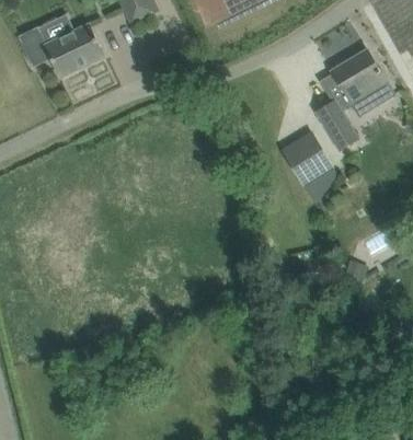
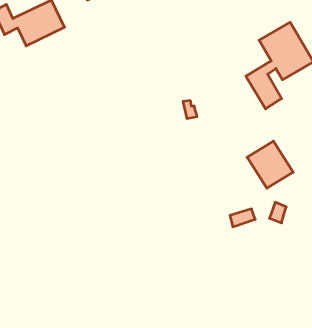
building: [282,131,335,186] -> [247,141,293,188]

